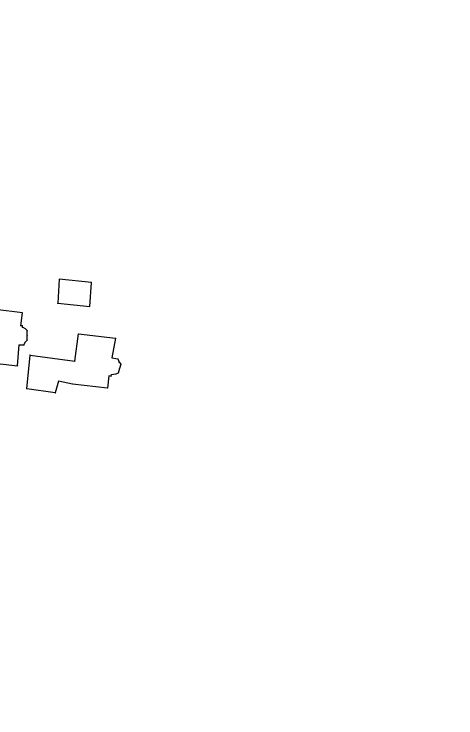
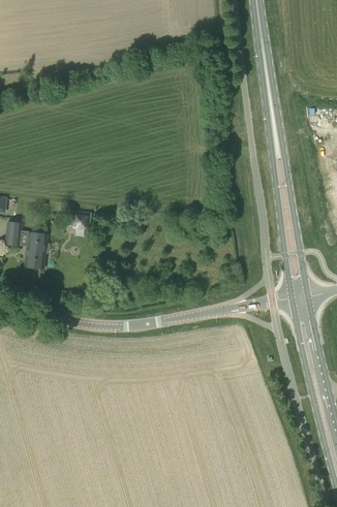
building: [27,334,121,393] -> none

